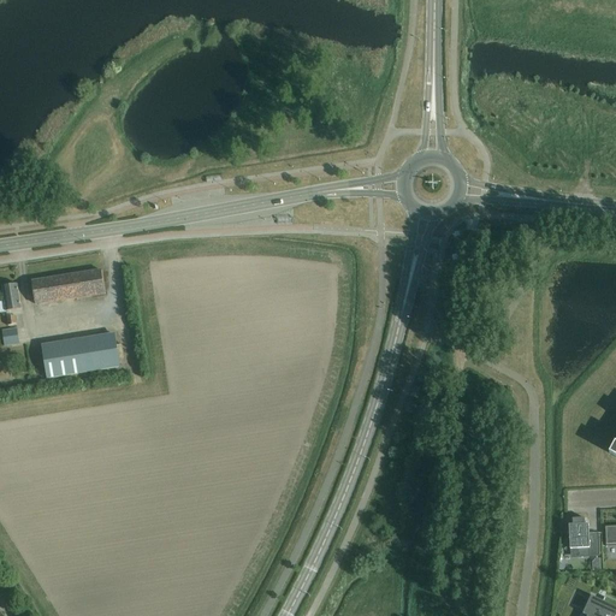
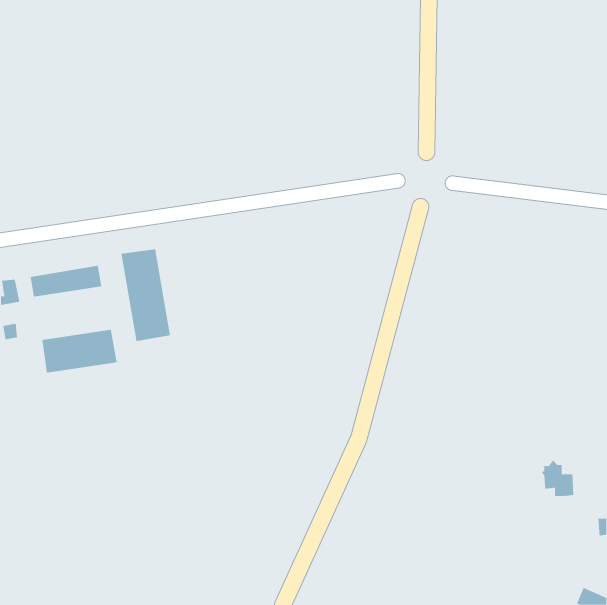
building: none -> [121,248,170,342]
building: [567,517,600,555] -> [541,460,574,496]

